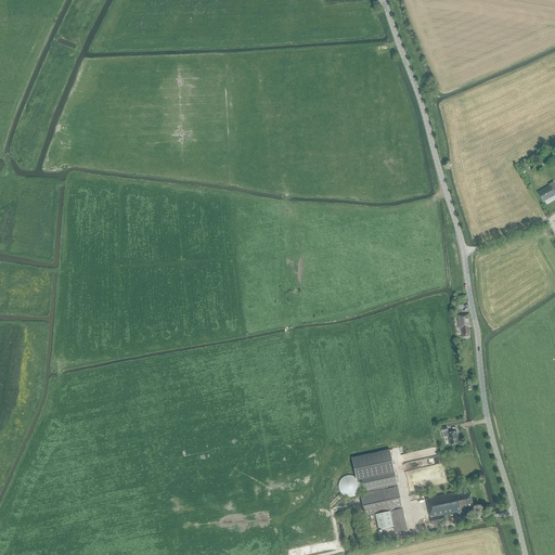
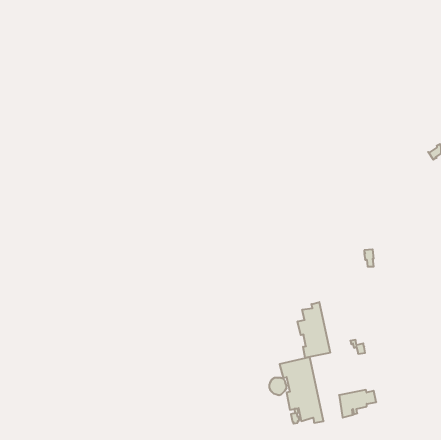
building: none -> [298,302,330,358]

